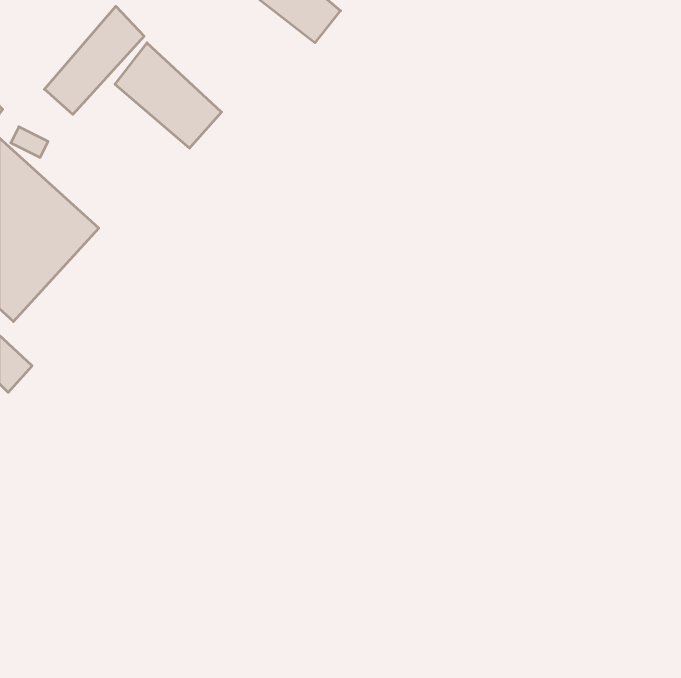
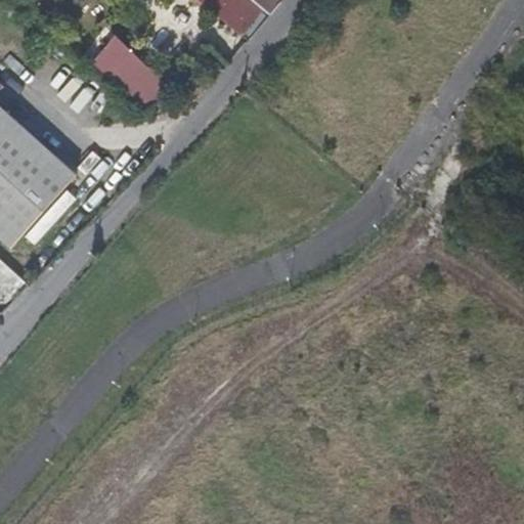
building: [44,6,144,114] -> none

